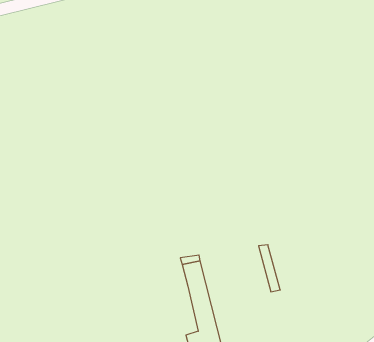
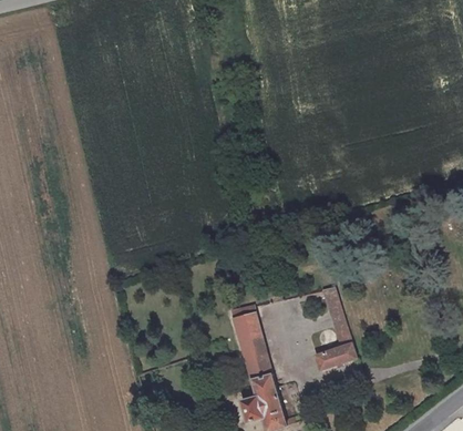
building: none -> [313,346,354,370]

